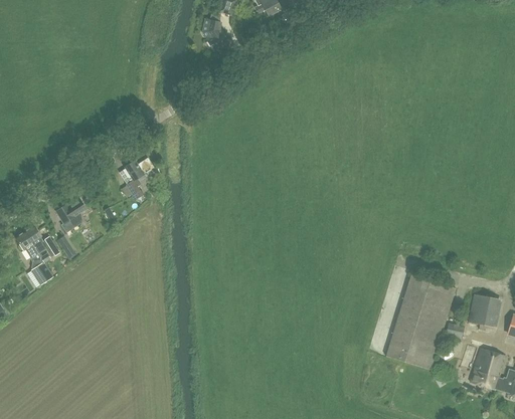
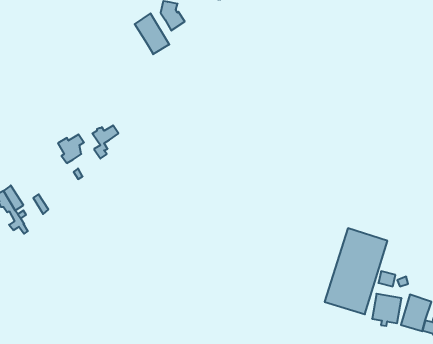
building: none -> [135,13,169,54]
building: [56,199,85,231] -> [58,134,84,163]
building: [468,292,501,329] -> [372,294,402,326]

